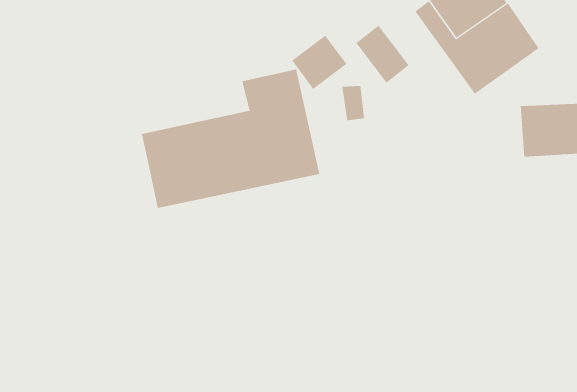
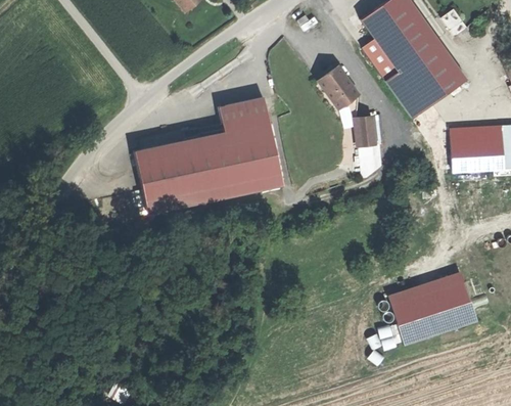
building: [291,35,347,90] -> none
building: [342,85,365,121] -> [356,117,375,146]
building: none -> [393,273,479,344]

